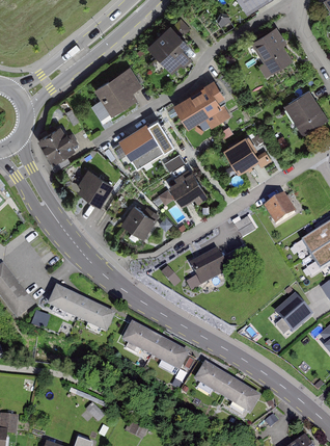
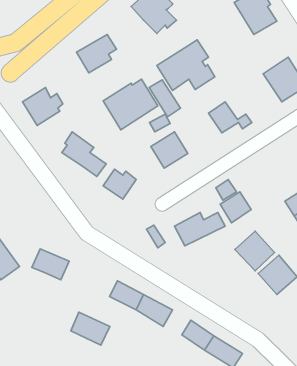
building: none -> [149,80,181,117]
building: [260,195,292,227] -> [220,192,251,223]
building: none -> [235,231,274,271]
building: [76,300,115,334] -> [71,312,110,345]

